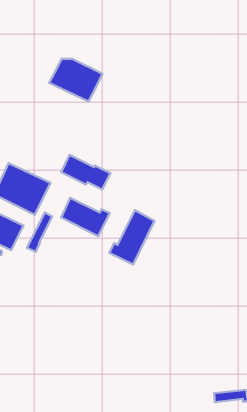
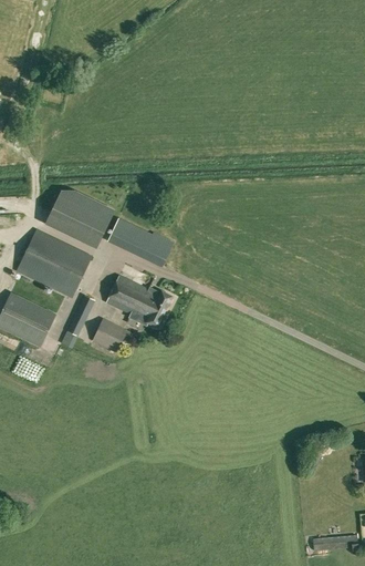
building: [49,59,102,102] -> [44,189,116,247]
building: [109,210,154,265] -> none
building: none -> [93,319,133,353]

